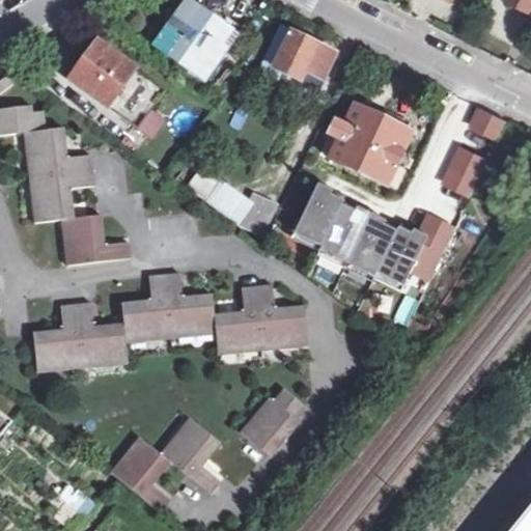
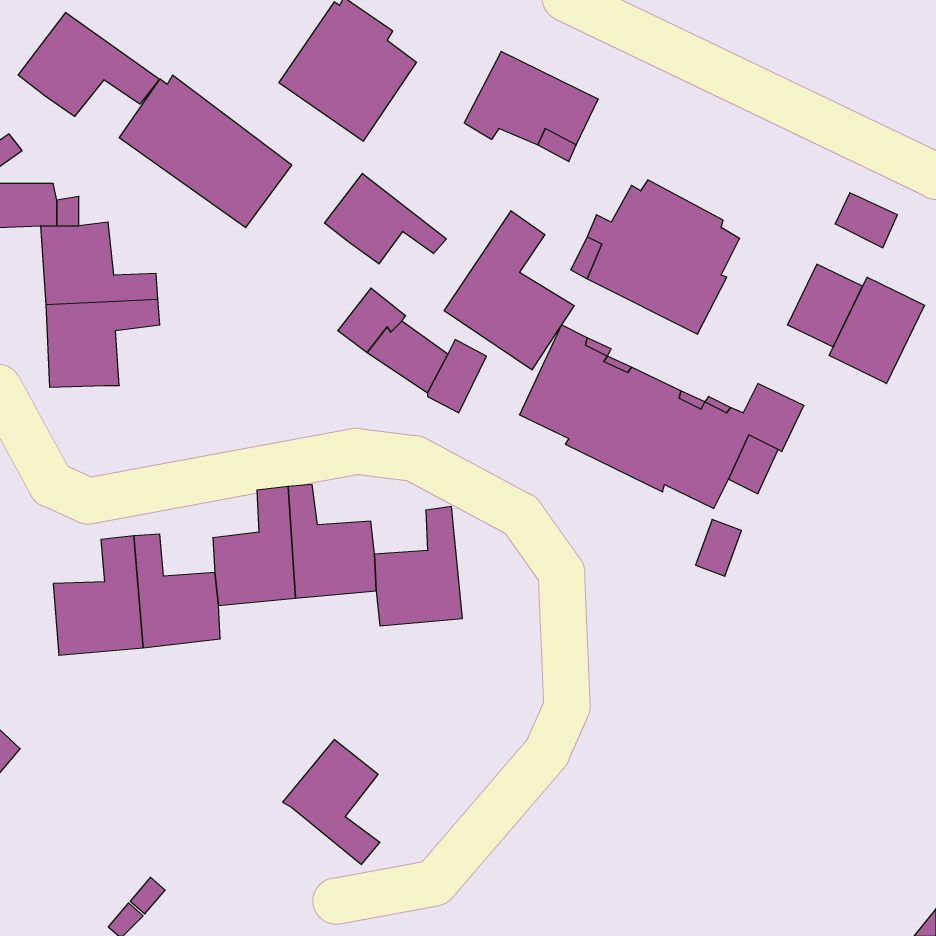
building: none -> [18,12,160,116]
building: none -> [325,173,446,264]
building: none -> [444,211,574,370]
building: none -> [829,277,924,384]
building: [59,215,122,262] -> none
building: [255,285,306,350] -> none
building: [240,388,303,456] -> none
building: [107,434,165,509] -> none

